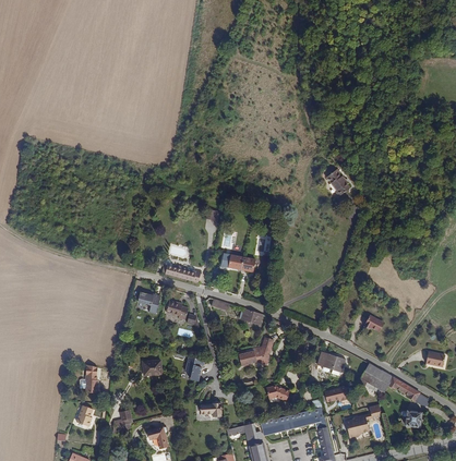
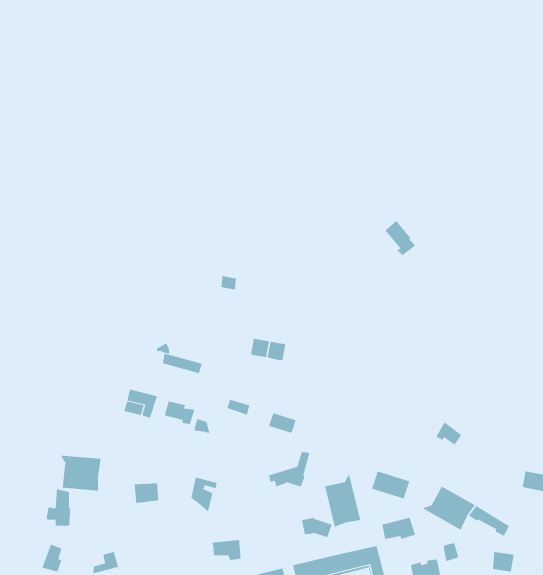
building: none -> [60,455,101,491]
building: none -> [324,473,361,527]

